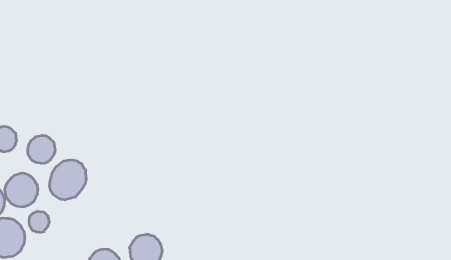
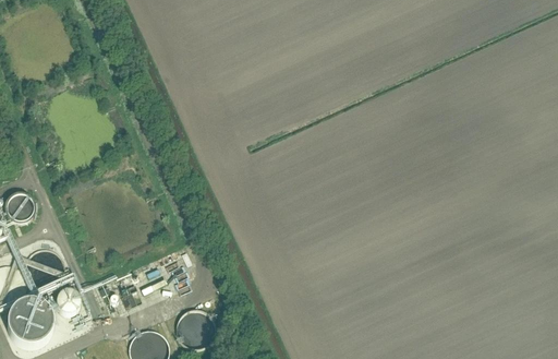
building: [28,135,55,163] -> none
building: [49,160,86,200] -> none

